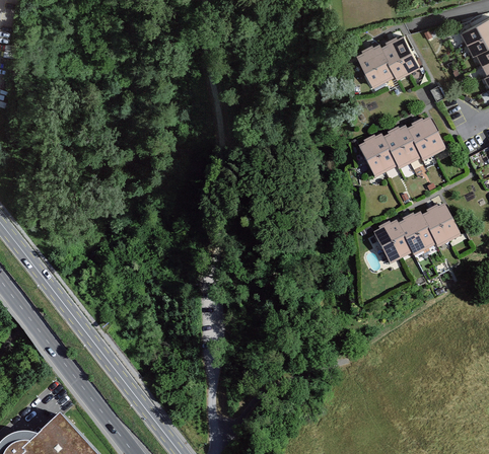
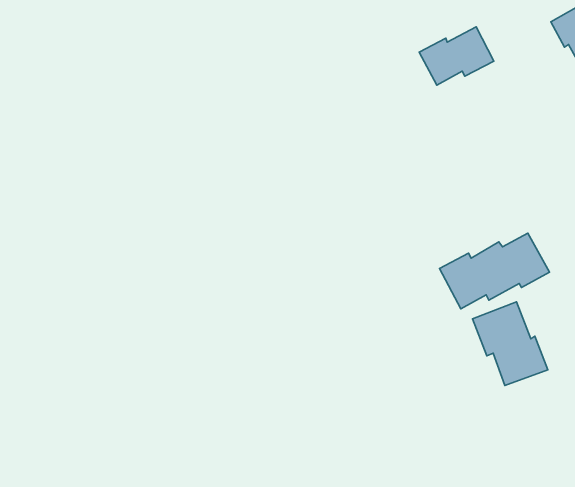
building: [354,119,443,177] -> none
building: none -> [473,302,548,386]

